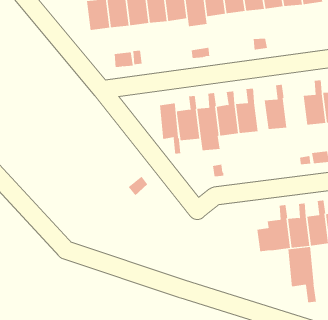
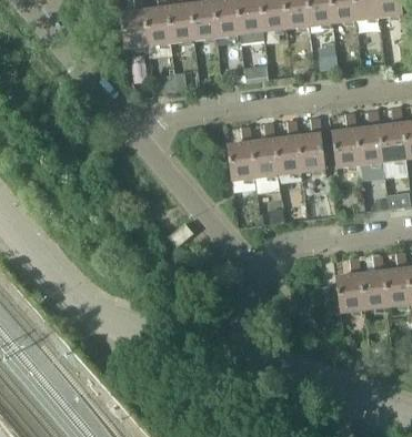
building: none -> [355,109,384,180]
building: [159,102,181,154] -> none
building: [288,246,317,303] -> none

